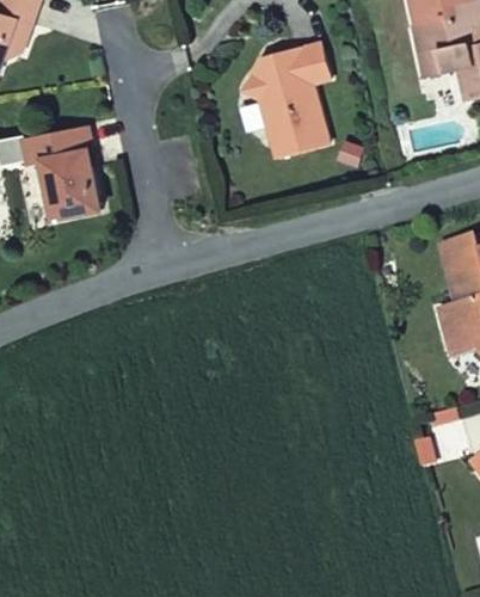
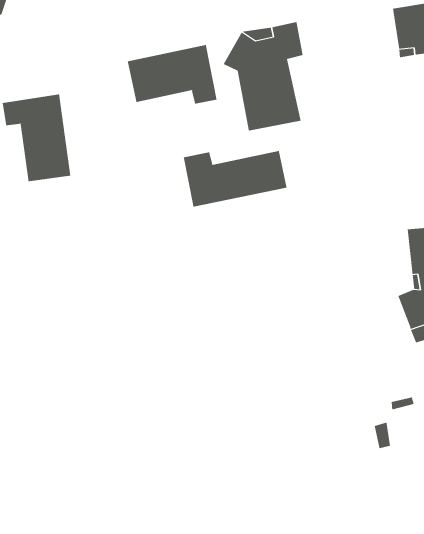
building: none -> [127,44,217,105]
building: none -> [183,150,287,208]

